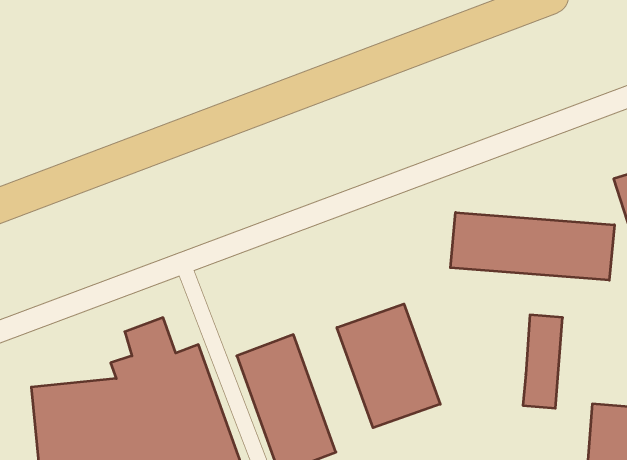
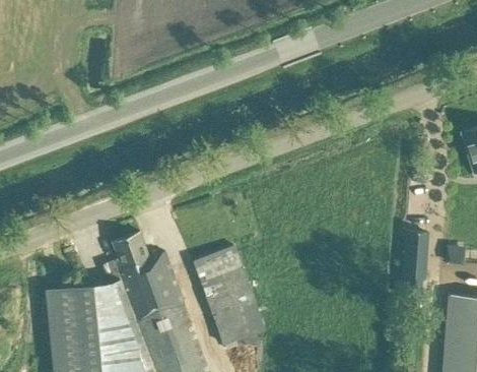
building: [450,212,614,280] -> none
building: [337,304,440,428] -> none

